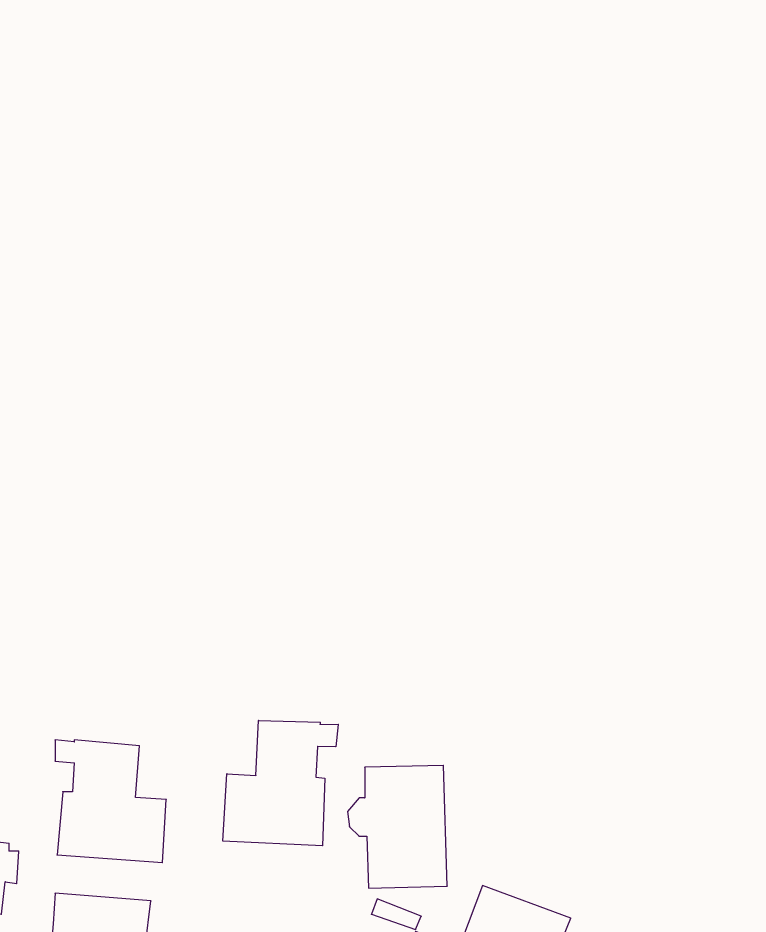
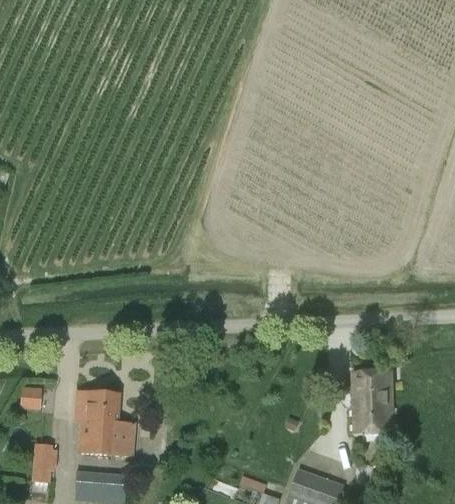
building: [223,720,338,846] -> none
building: [348,765,447,888] -> [342,370,394,434]

